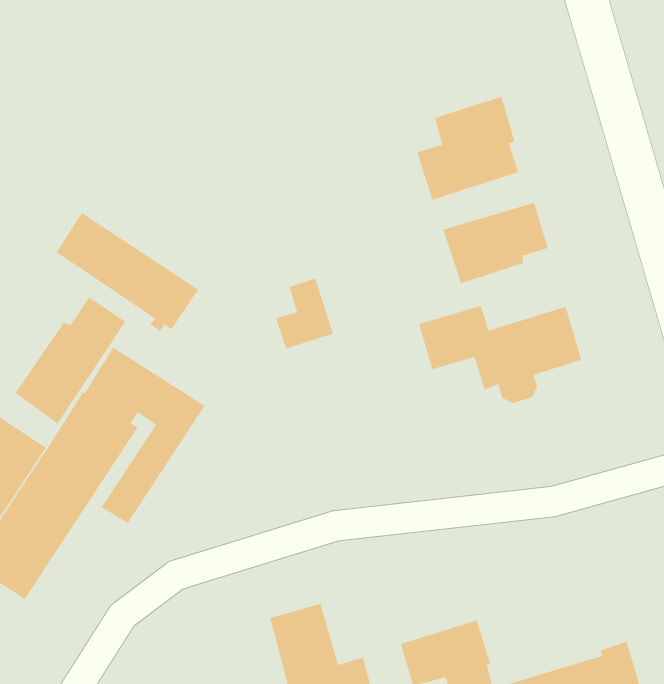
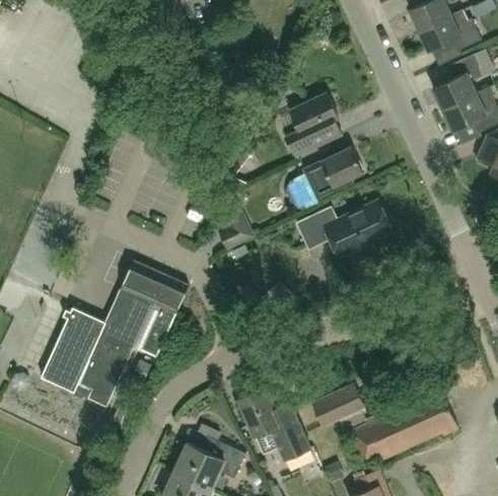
building: [56,212,199,332] -> none
building: [15,297,126,425] -> none

